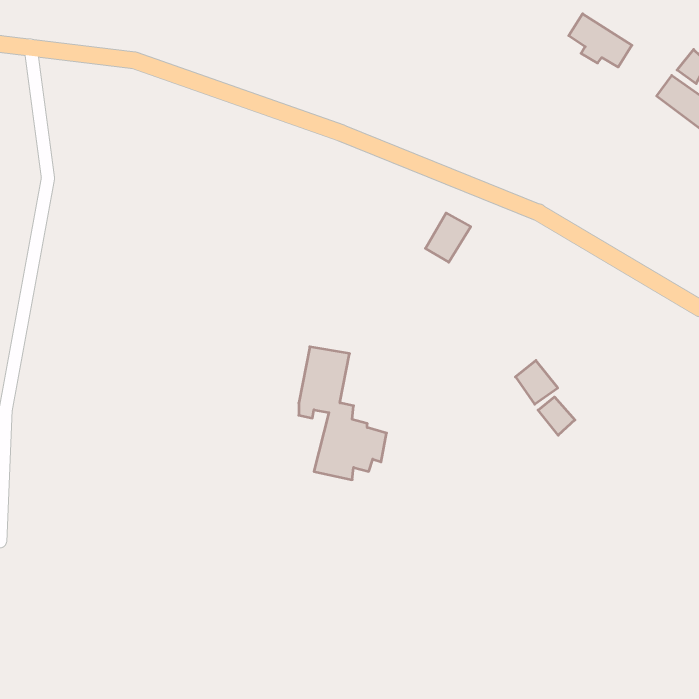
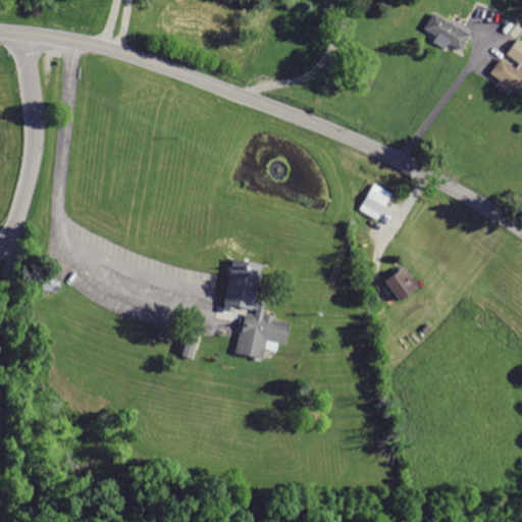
building: [425,213,471,262] -> [360,182,394,219]
building: [538,397,575,435] -> none

